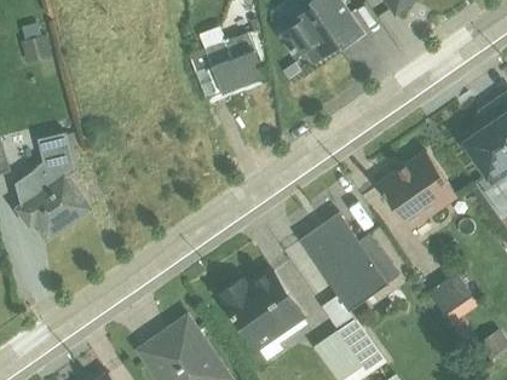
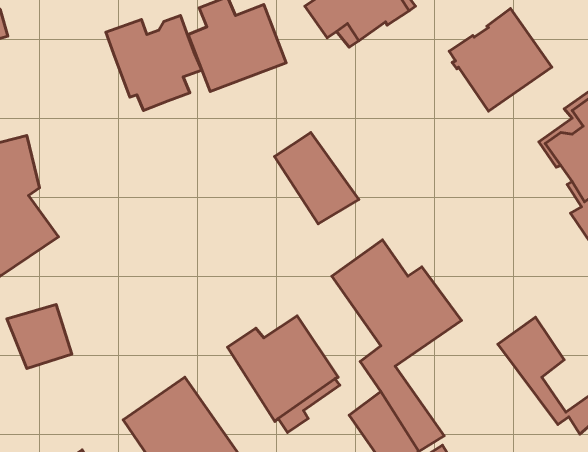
building: none -> [106,15,202,111]
building: none -> [274,133,359,224]
building: [379,151,457,230] -> [449,9,552,111]
building: none -> [7,304,72,369]

